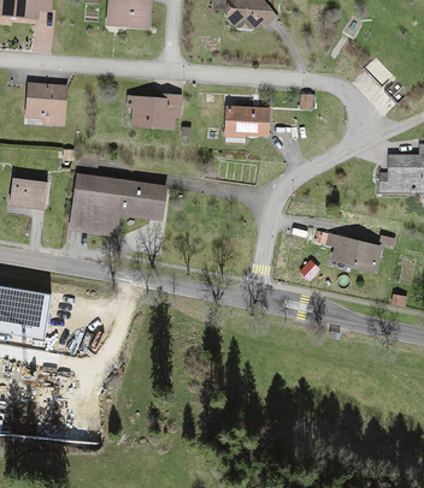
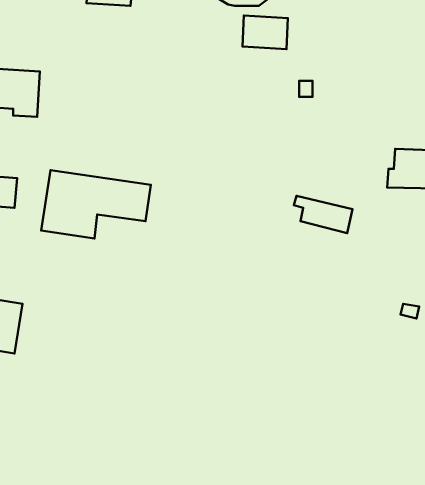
building: [128,94,179,126] -> none
building: [225,105,266,135] -> [242,16,288,49]
building: [326,234,379,268] -> [294,196,353,233]

